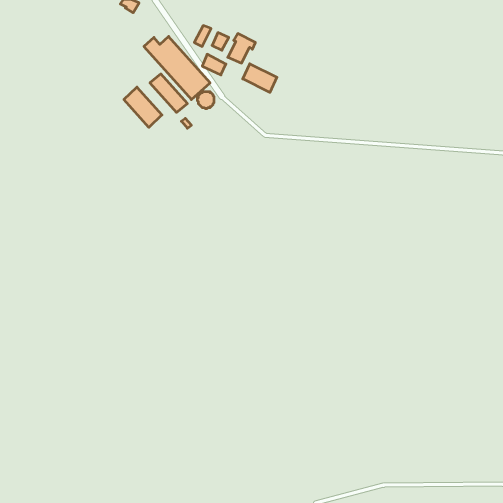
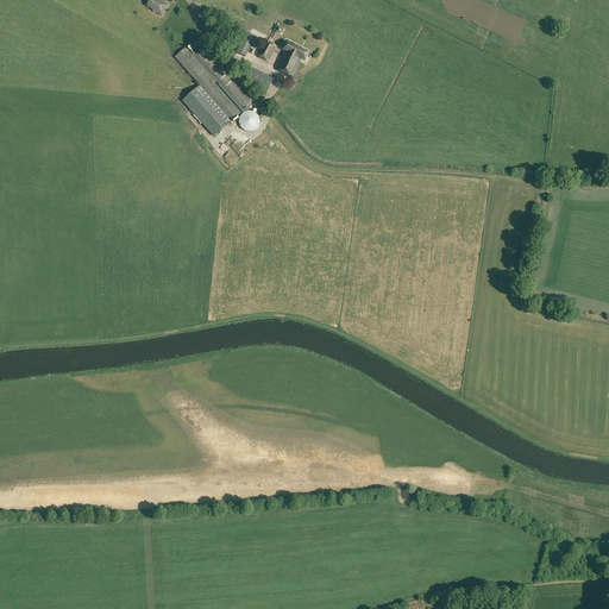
building: [243,64,277,92] -> none
building: [124,87,162,127] -> none

